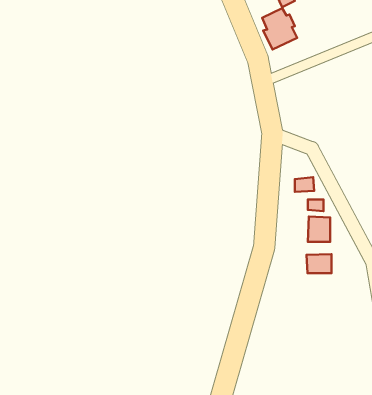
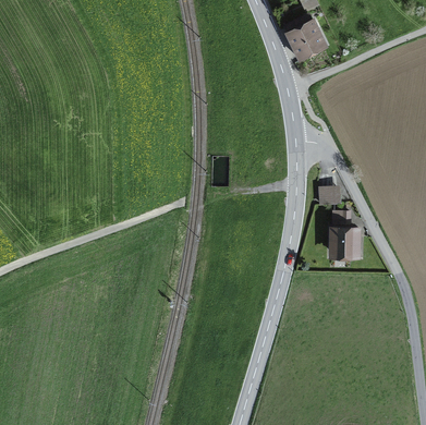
building: [306,254,332,273] -> none

